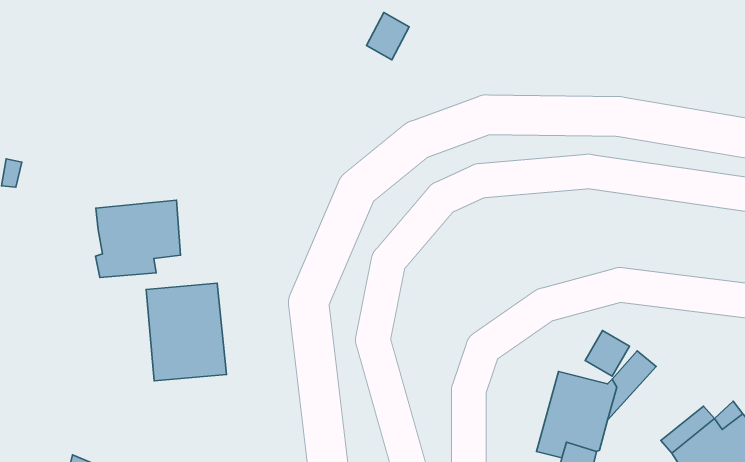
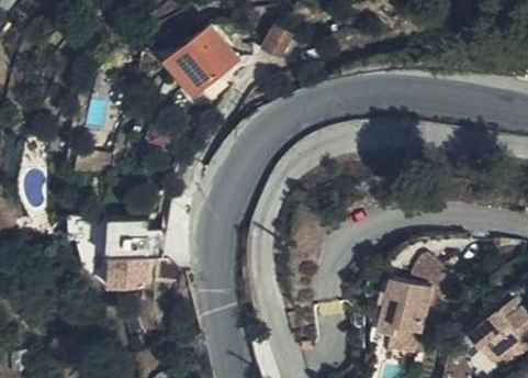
building: none -> [161,24,236,99]
building: [95,200,180,278] -> none

